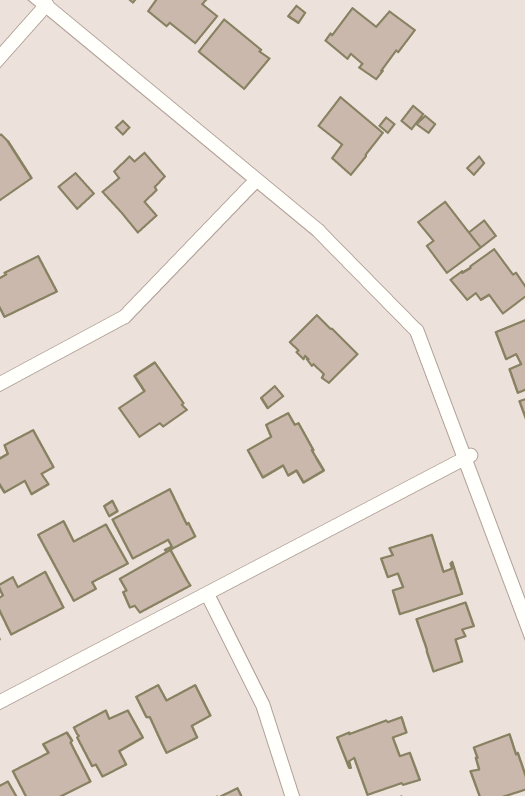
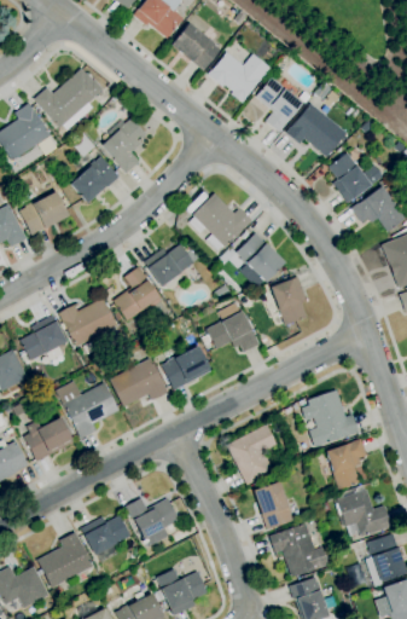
building: [325,8,415,79] -> [207,52,271,103]
building: none -> [35,70,103,131]
building: none -> [286,104,347,157]
building: none -> [70,157,118,204]
building: none -> [188,193,252,251]
building: none -> [144,245,200,287]
building: none -> [271,277,307,326]
building: none -> [58,297,117,347]
building: [120,550,191,612] -> [161,346,211,391]
building: none -> [226,423,277,486]
building: none -> [254,481,292,528]
building: none -> [335,485,391,537]

